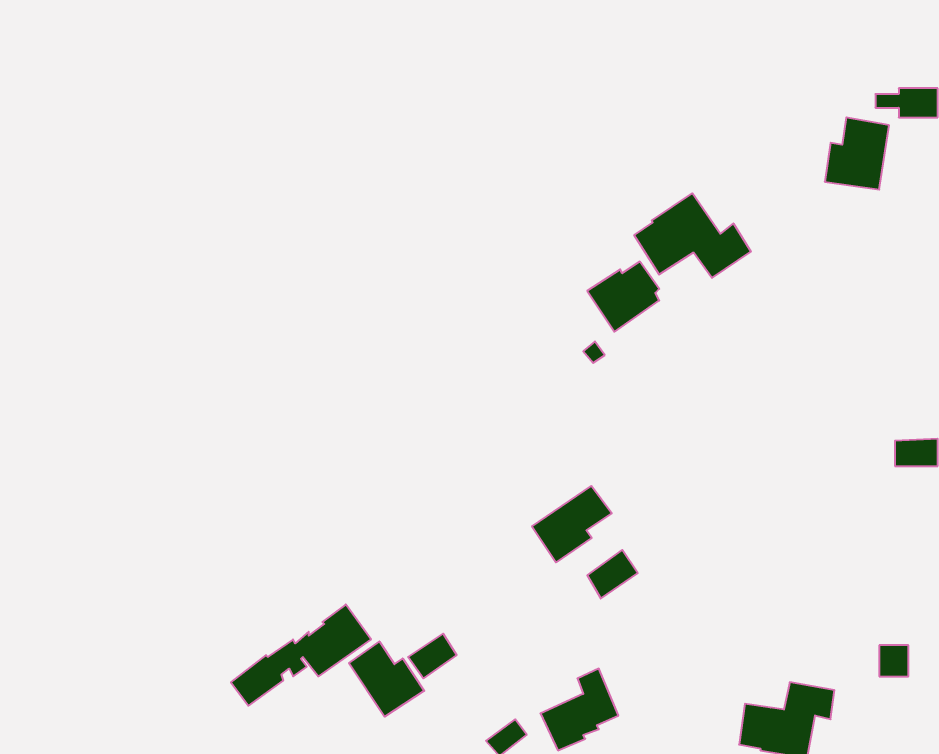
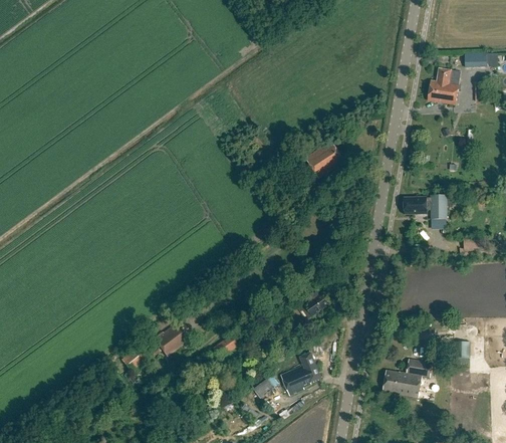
building: [634,193,751,278] -> none
building: none -> [403,194,447,218]
building: [532,486,612,562] -> none
building: [349,641,424,717] -> none

